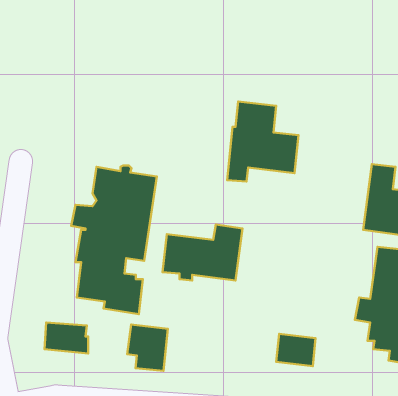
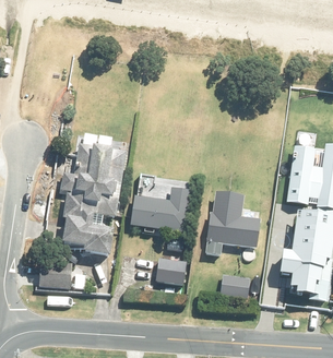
building: [227,102,299,182] -> [206,196,262,259]
building: [127,325,168,371] -> [155,261,187,297]

